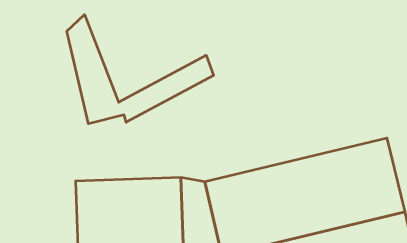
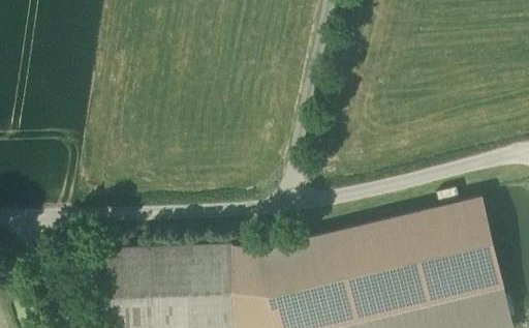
building: [67,15,214,124] -> none

